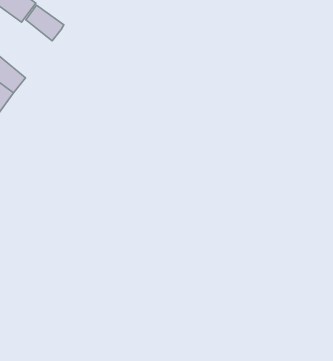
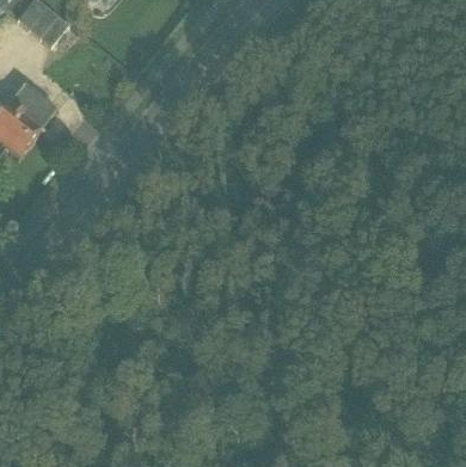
building: [26,5,64,41] -> none

